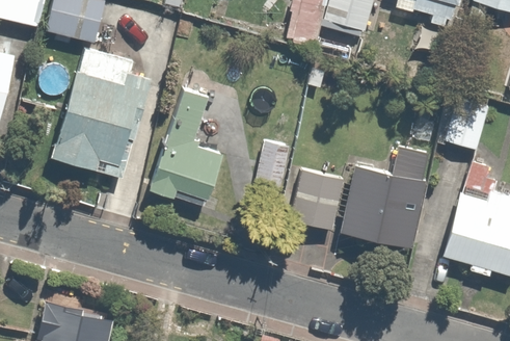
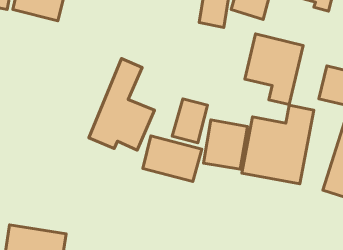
building: [54,45,150,175] -> none
building: none -> [245,34,303,104]
building: none -> [143,136,202,181]

